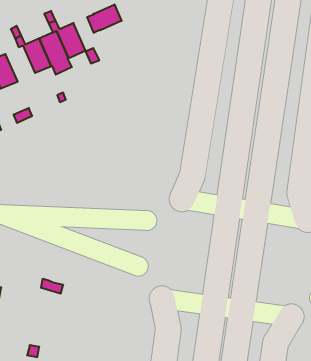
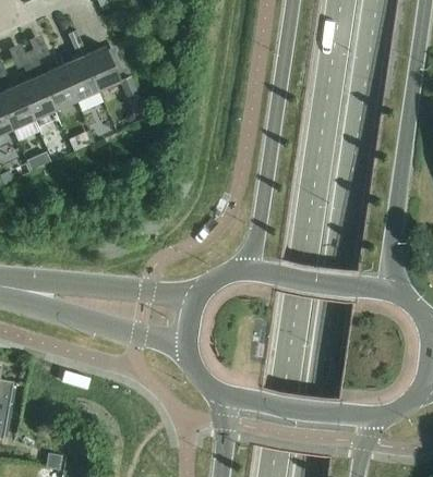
building: [87,4,122,33] -> none
building: none -> [17,76,55,122]

